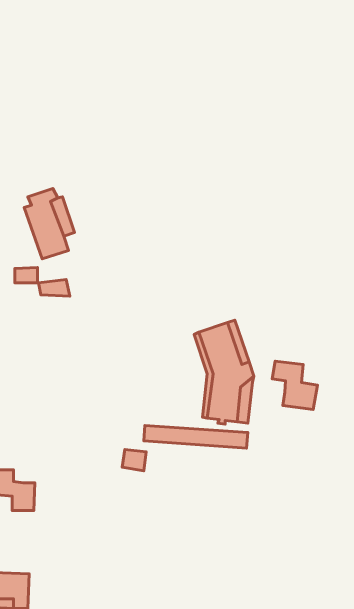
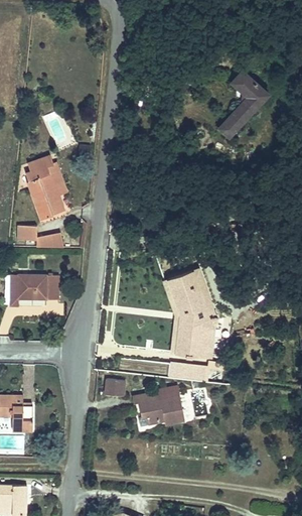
building: none -> [219,70,270,138]
building: none -> [8,277,68,300]
building: [272,361,317,409] -> none
building: none -> [132,390,183,425]

